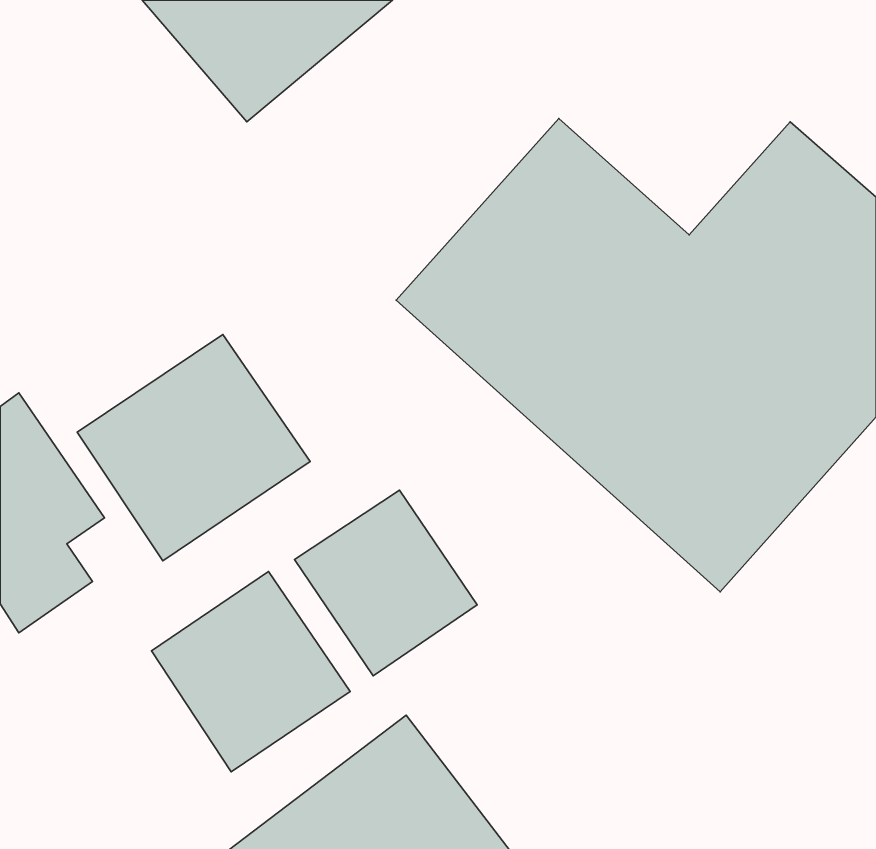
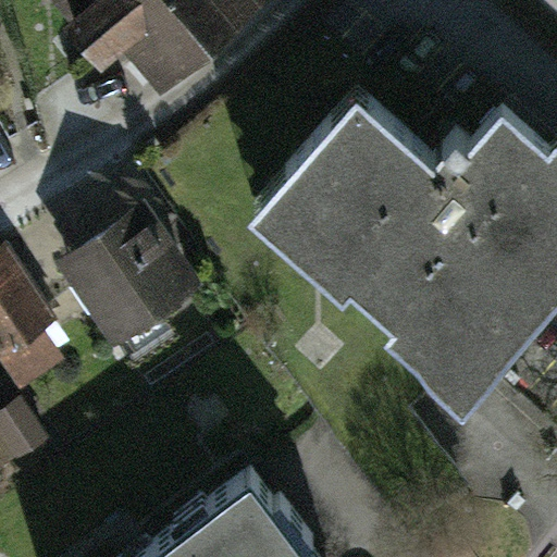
building: [295,490,477,676] -> none
building: [151,571,350,772] -> none

